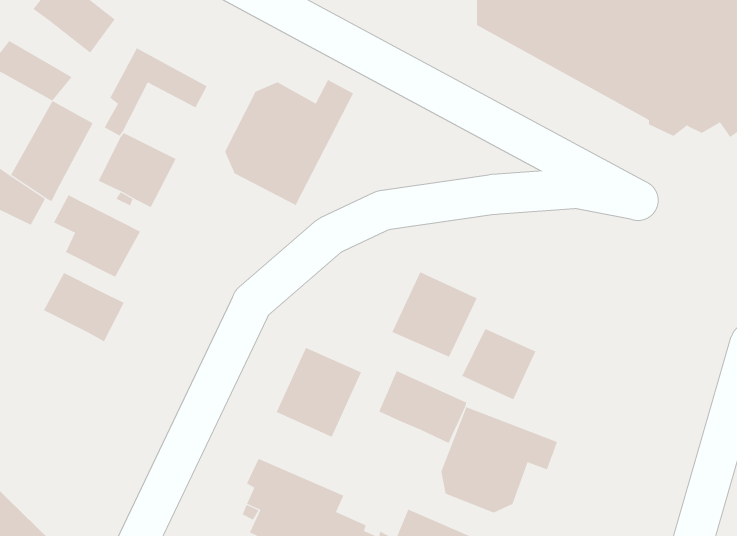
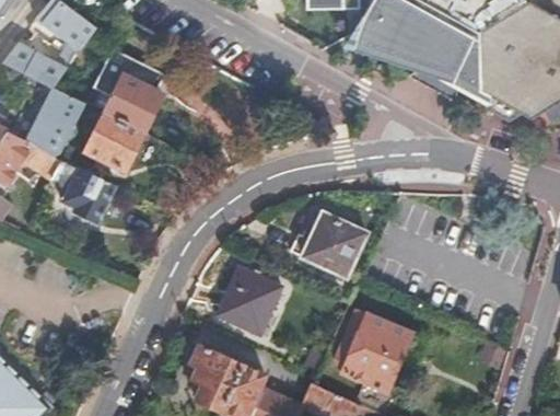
building: [225,79,354,206] -> none
building: none -> [102,74,160,130]
building: [43,272,124,342] -> none
building: [462,328,536,400] -> none
building: [378,370,467,444] -> none

